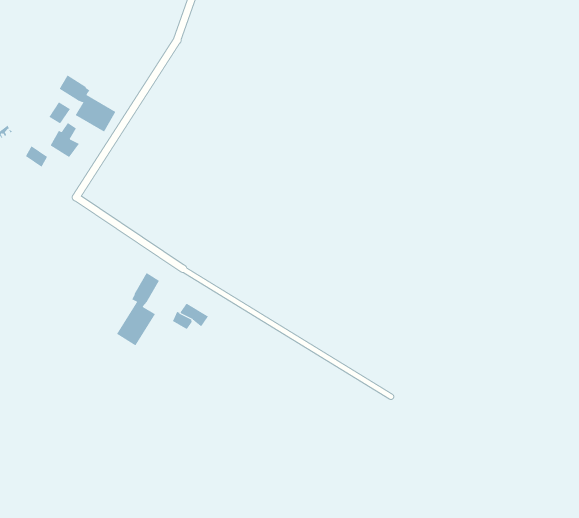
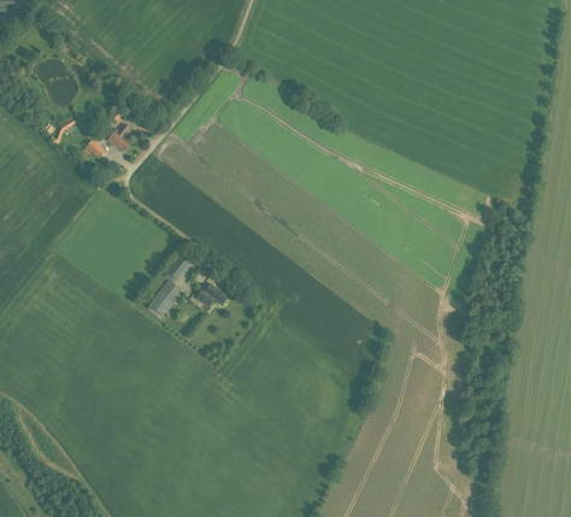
building: [59,75,116,132] -> none

